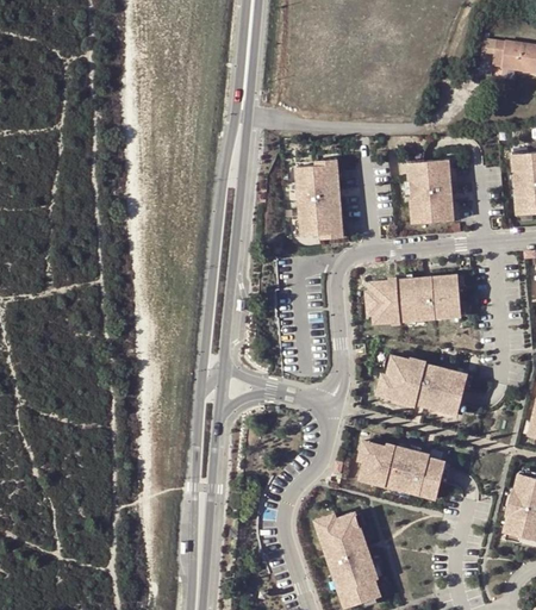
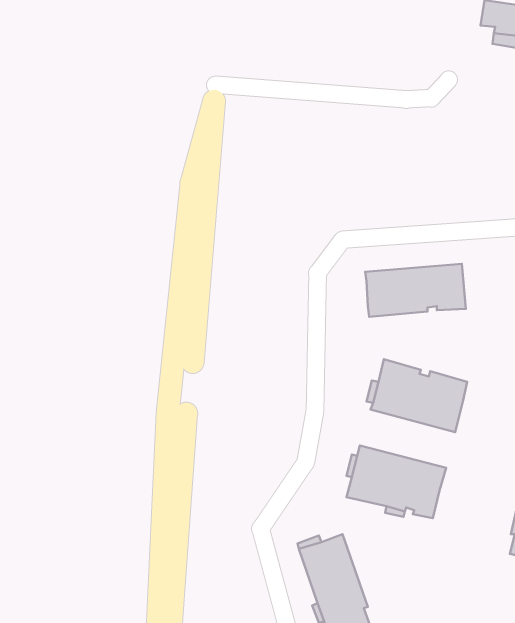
building: [410,157,455,220] -> none
building: [299,166,345,232] -> none

